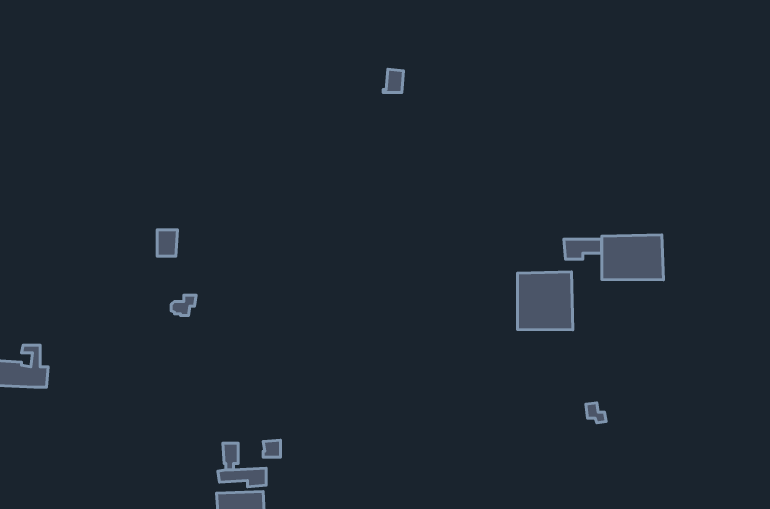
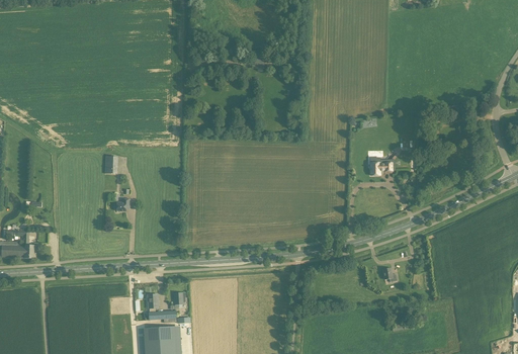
building: [602,235,664,280] -> none
building: [517,272,573,330] -> none

